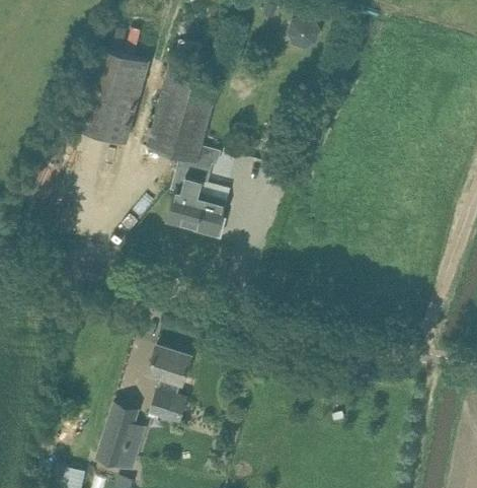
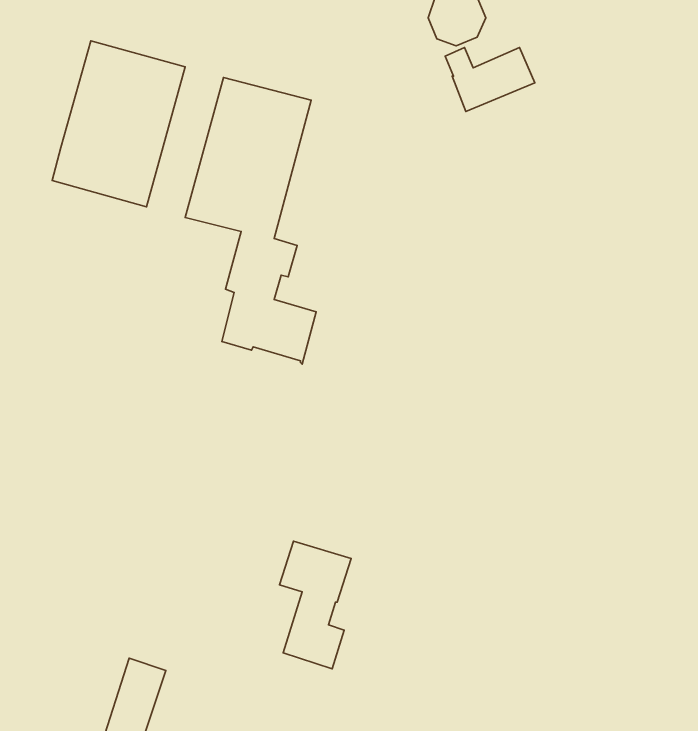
building: none -> [445,47,535,111]
building: [149,348,190,422] -> [280,541,351,669]

